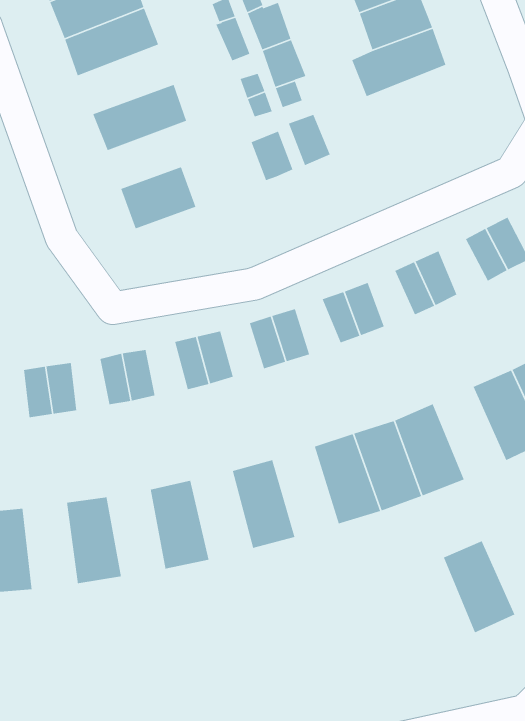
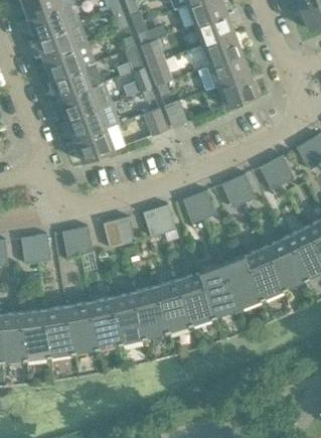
building: none -> [50,63,103,101]
building: none -> [206,75,258,109]
building: none -> [66,105,118,141]
building: none -> [156,280,191,329]
building: none -> [112,293,145,341]
building: none -> [66,303,98,350]
building: none -> [21,310,50,357]
building: [443,540,516,634] -> [243,248,282,298]

